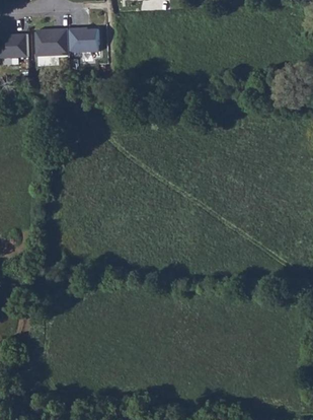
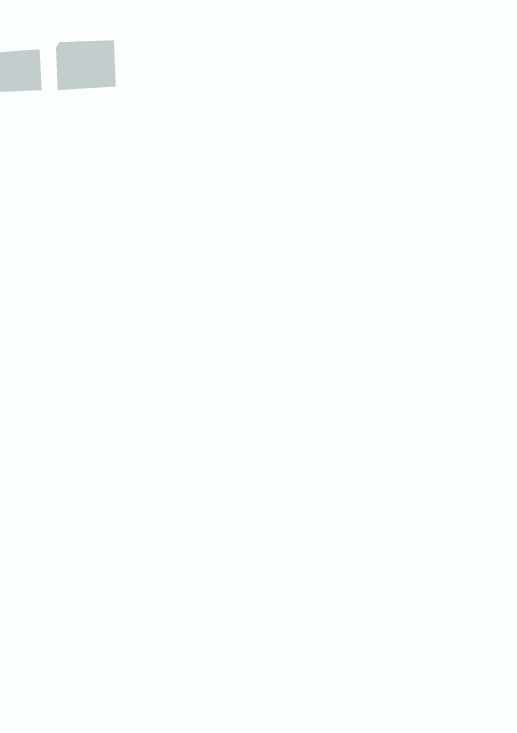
building: [67,27,98,53] -> none

